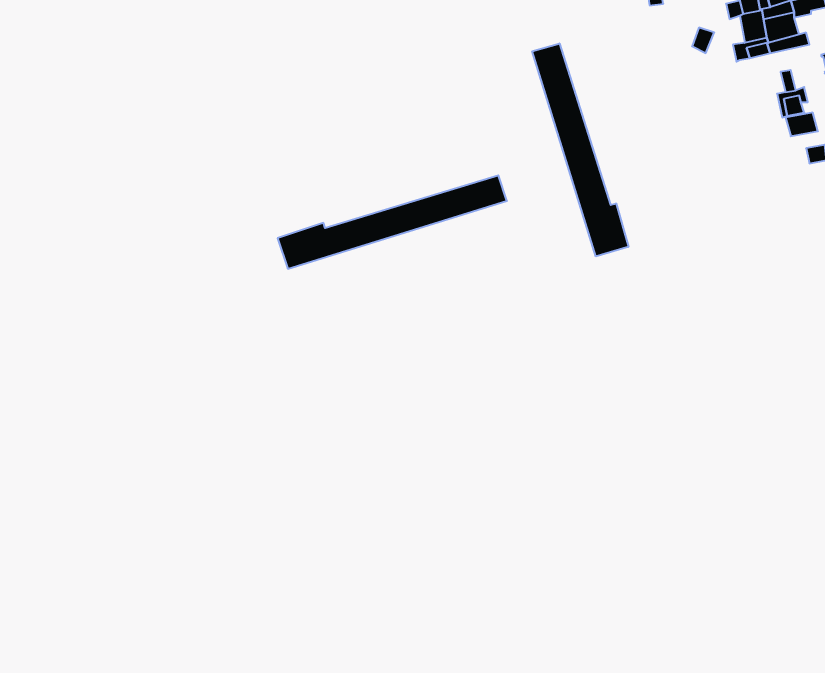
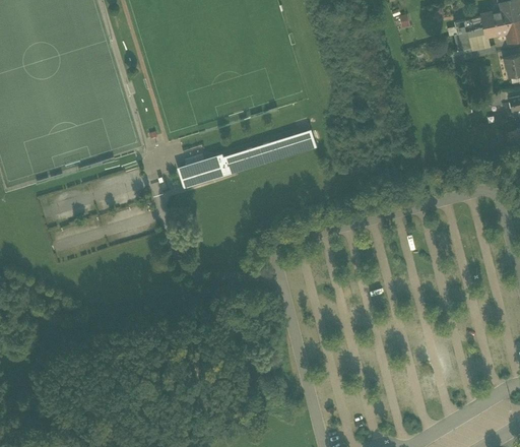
building: [532,43,628,256] -> none

